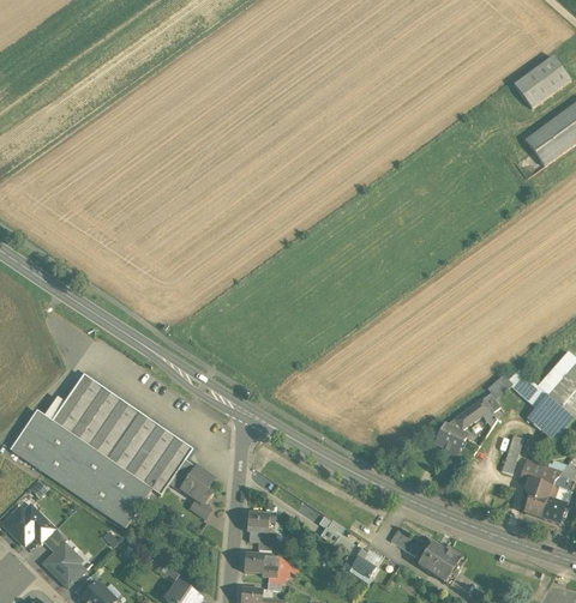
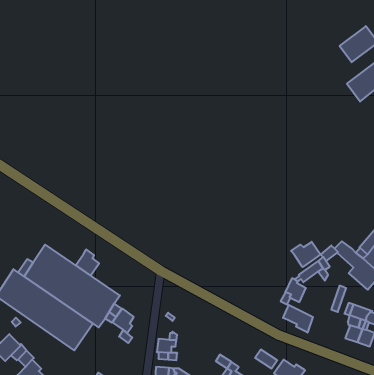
building: none -> [291,242,321,267]
building: none -> [76,249,99,276]
building: none -> [283,305,313,333]

